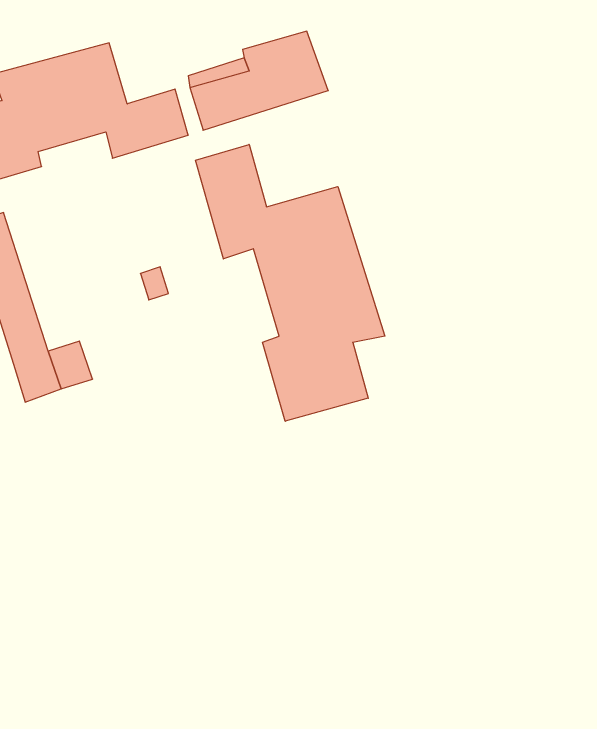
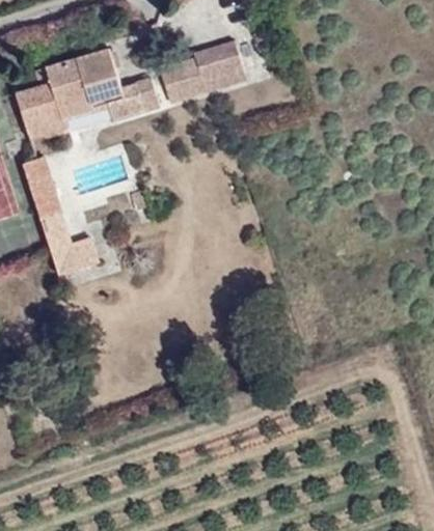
building: [196,144,385,421] -> none

